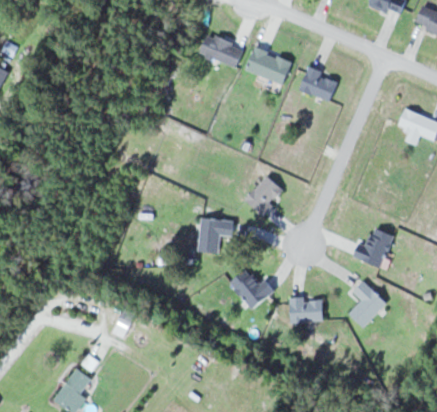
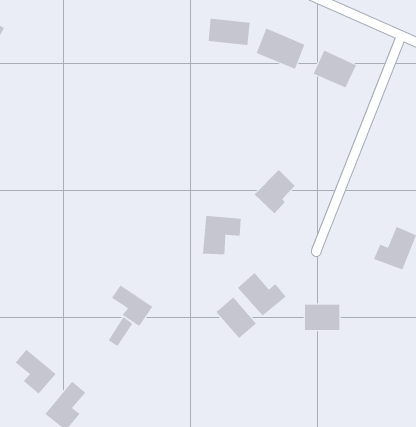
building: none -> [111,284,153,327]
building: [349,281,386,327] -> none
building: none -> [215,297,257,339]
building: none -> [15,349,56,395]

